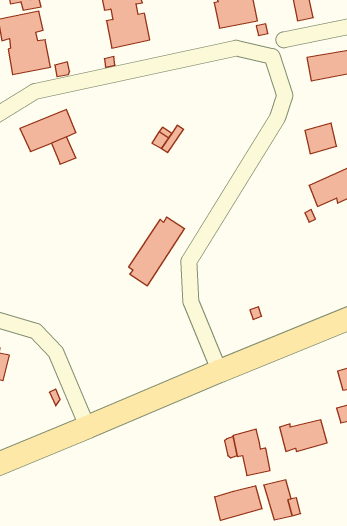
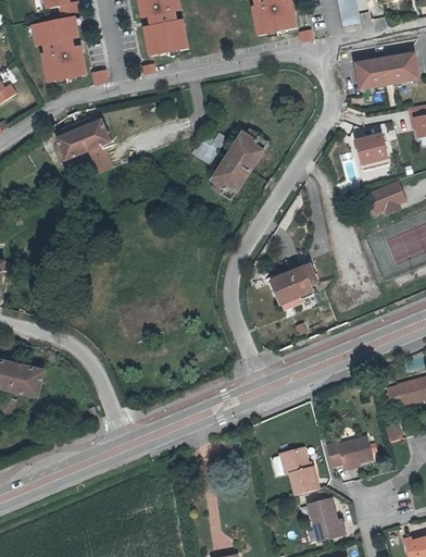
building: [129,217,185,286] -> [210,131,267,201]
building: none -> [264,264,310,304]
building: [215,486,262,520] -> none

